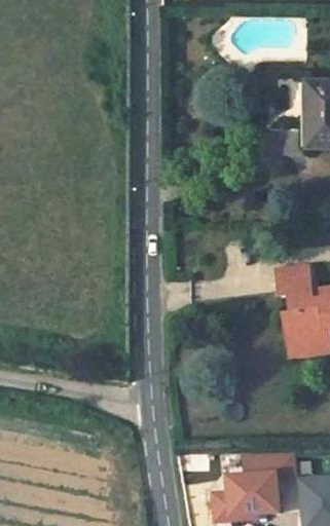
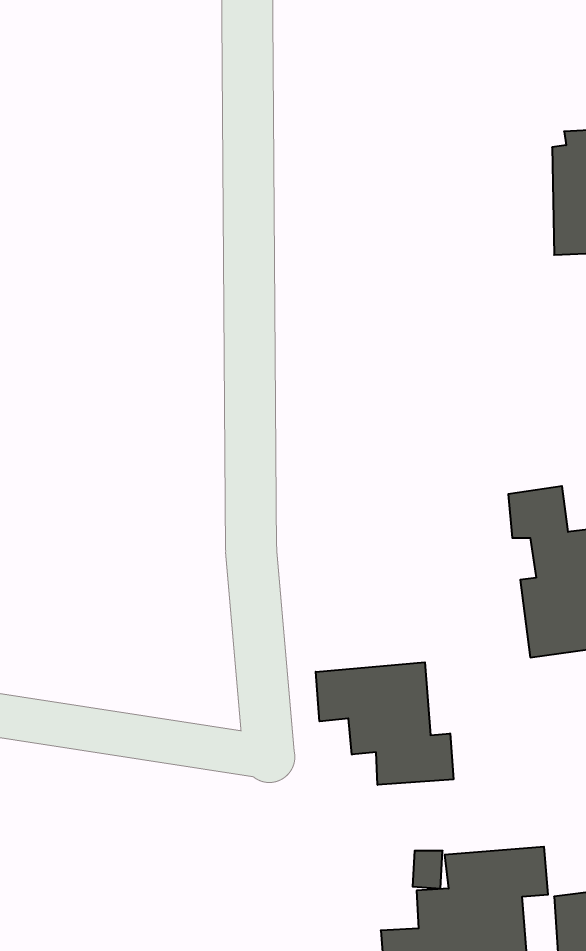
building: none -> [316,662,453,785]

